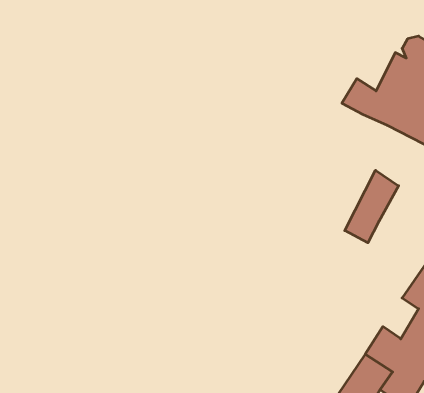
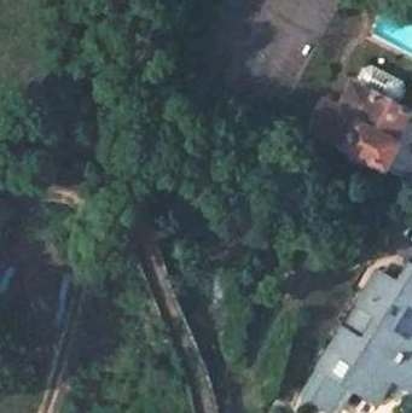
building: [345,170,399,243] -> none

